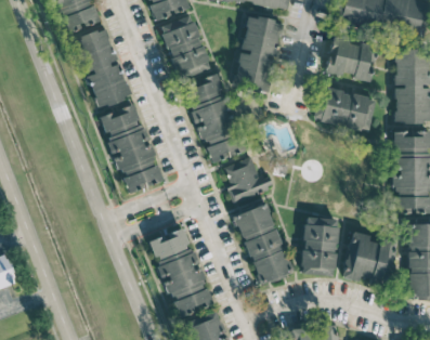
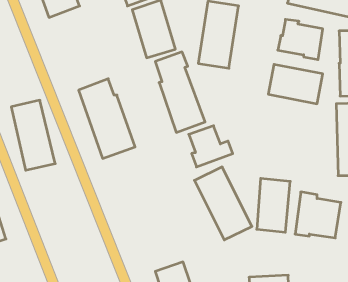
building: [77,27,127,106] -> [11,100,55,170]
building: [148,227,212,316] -> none

